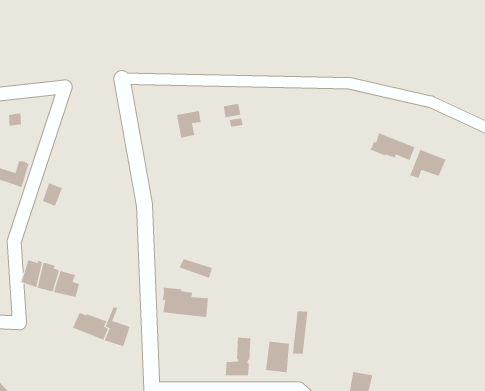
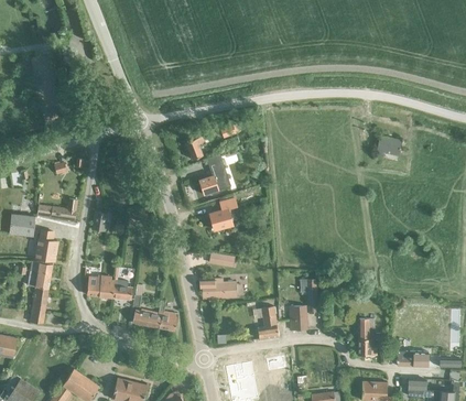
building: [369,133,415,161] -> none
building: none -> [198,154,229,194]
building: none -> [209,198,237,230]

